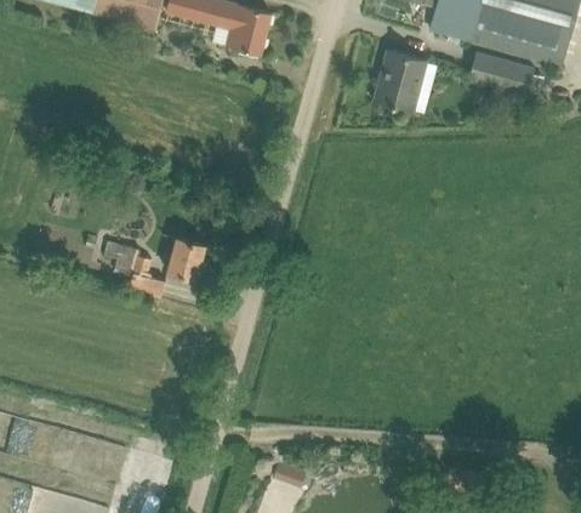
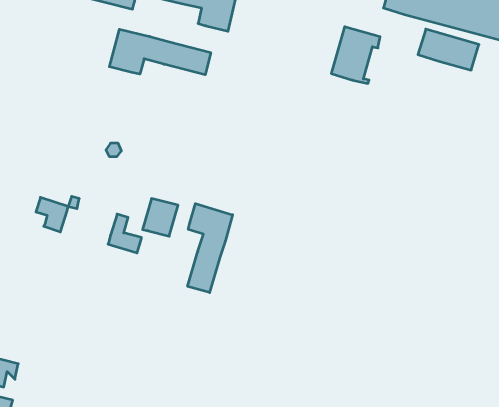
building: none -> [109,29,211,75]
building: [104,239,139,277] -> [36,197,68,232]
building: none -> [188,204,233,293]

